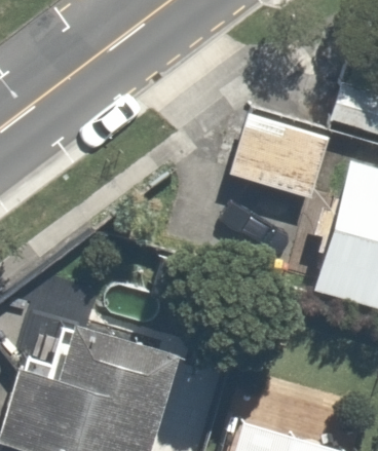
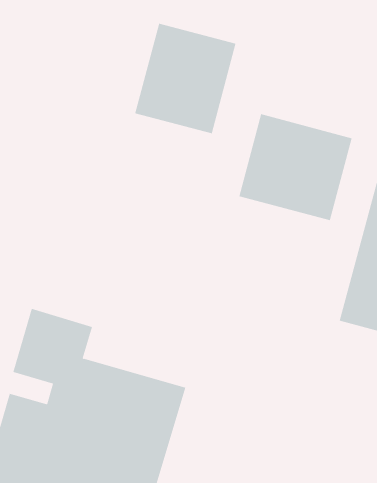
building: none -> [135,23,236,134]

